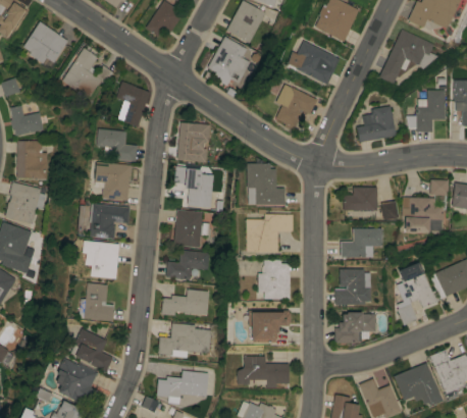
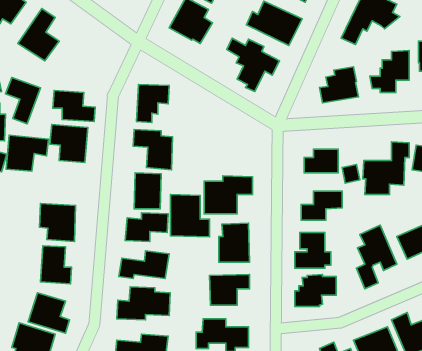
building: [115,82,150,127] -> [6,78,41,124]
building: [246,164,284,206] -> [170,195,209,237]
building: [88,204,129,240] -> [6,135,48,171]

